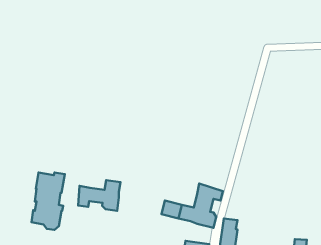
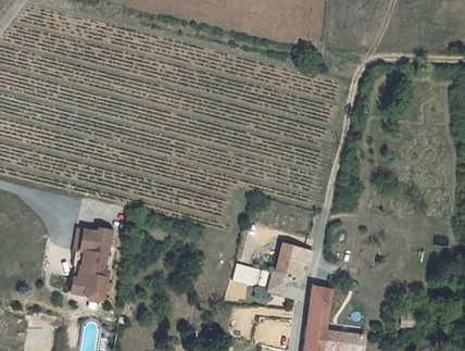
building: [78,180,121,211] -> none

